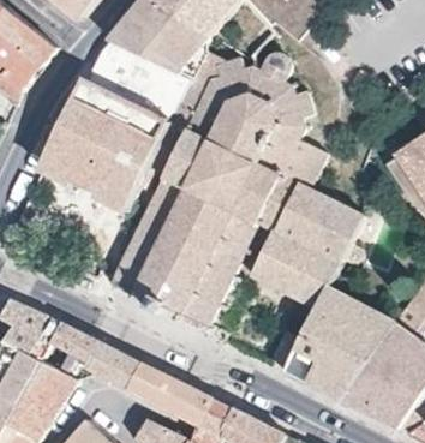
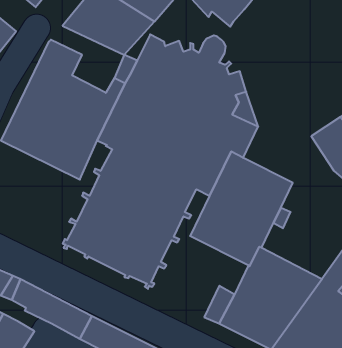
building: [95,42,154,104] -> none

